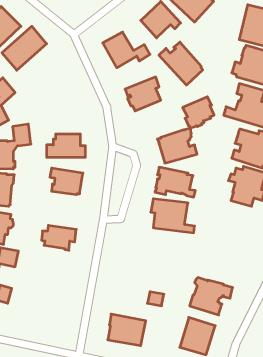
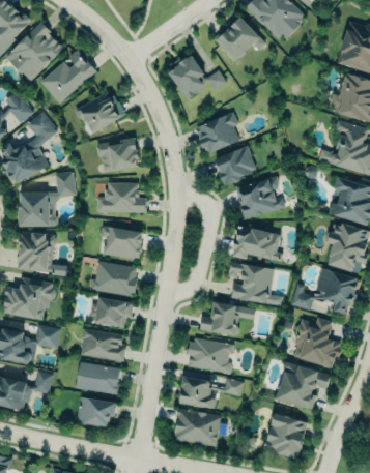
building: [159,42,203,85] -> none
building: none -> [74,91,126,132]
building: [183,97,214,128] -> [216,146,255,185]
building: none -> [95,138,140,172]
building: none -> [89,263,137,298]
building: none -> [289,268,362,315]
building: none -> [200,301,255,335]
building: none -> [291,319,342,368]
building: none -> [81,329,125,361]
building: none -> [183,336,234,376]
building: none -> [76,364,120,394]
building: none -> [178,378,216,410]
building: none -> [76,396,116,426]

